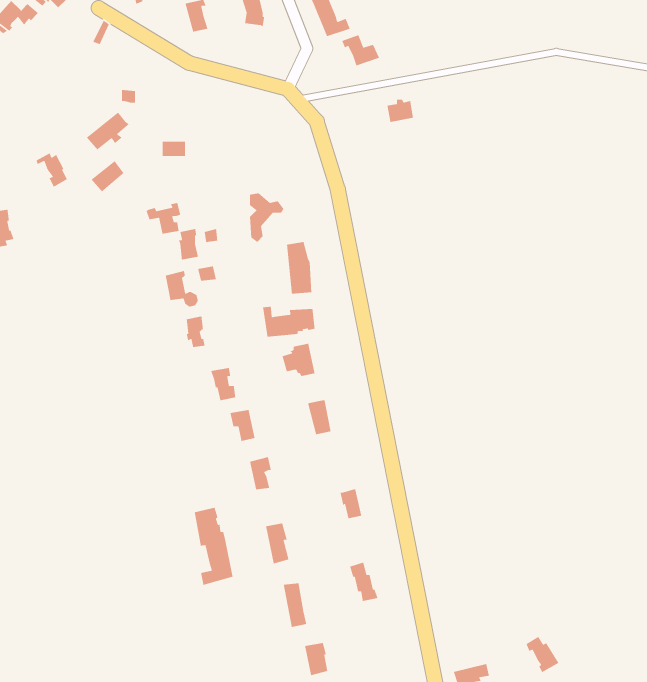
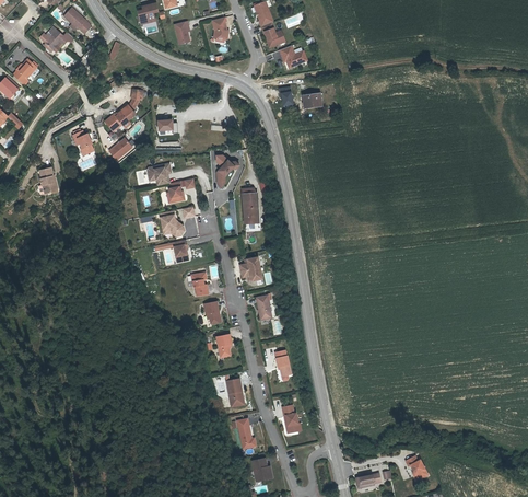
building: [262,306,315,338] -> none
building: [194,507,234,586] -> none

